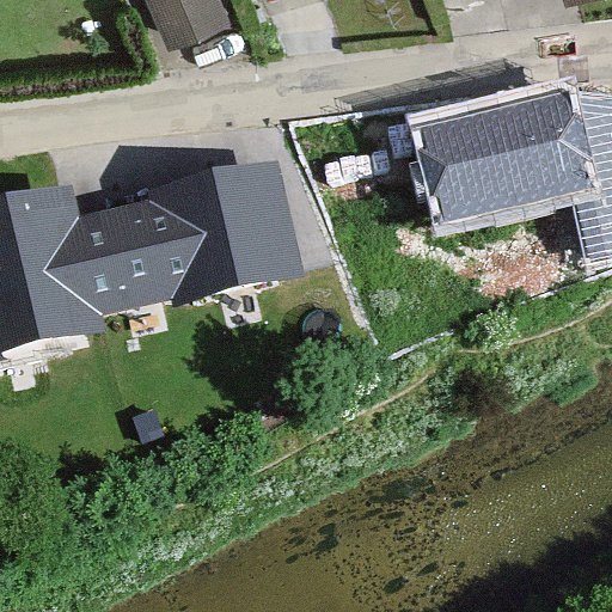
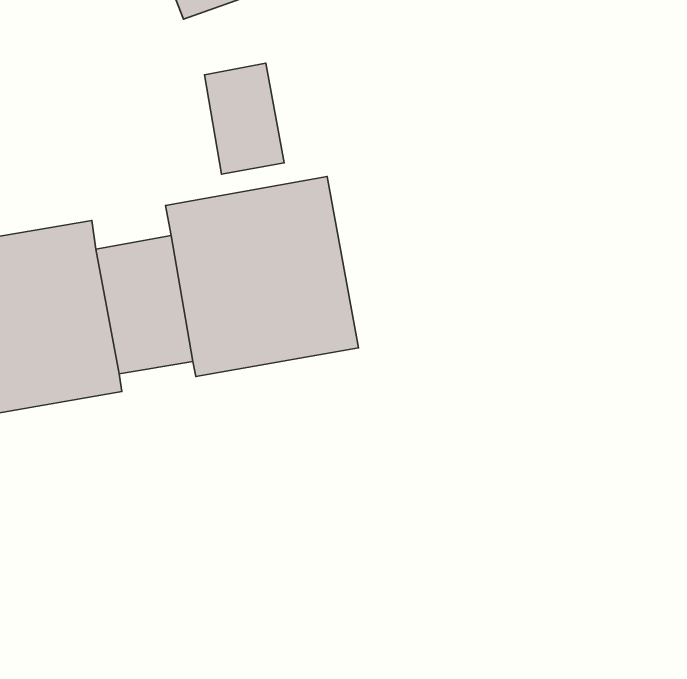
building: none -> [204,63,284,174]
building: [404,74,588,228] -> none

